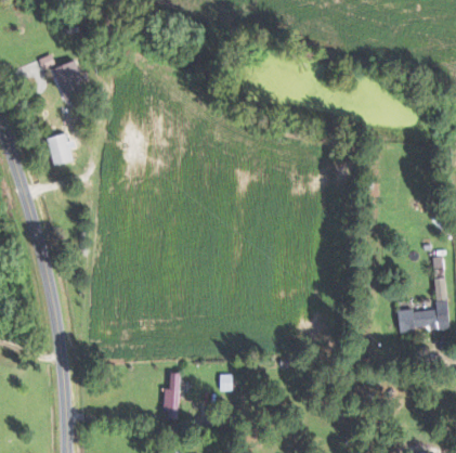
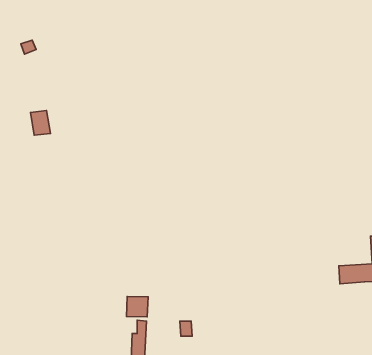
building: [53,61,86,101] -> none
building: none -> [126,297,148,317]

